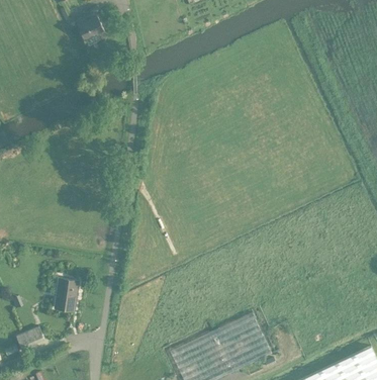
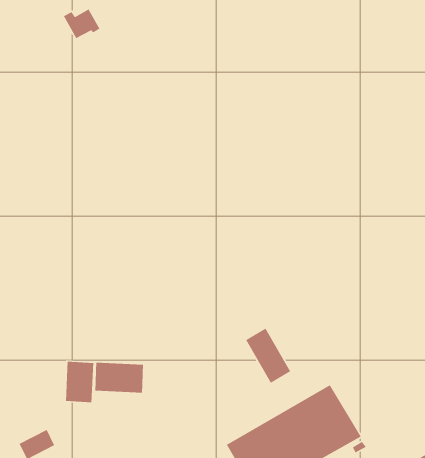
building: none -> [245,327,291,384]
building: none -> [95,362,144,393]

